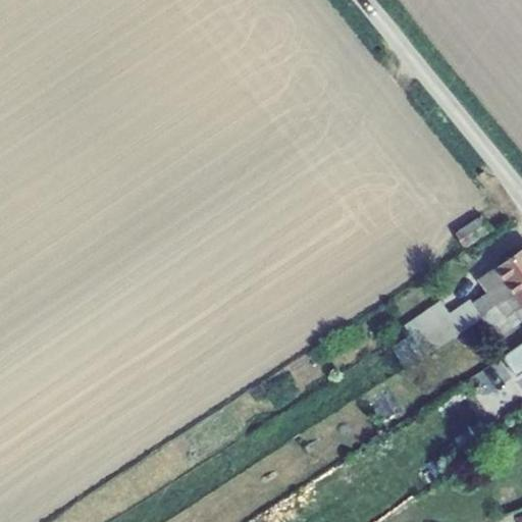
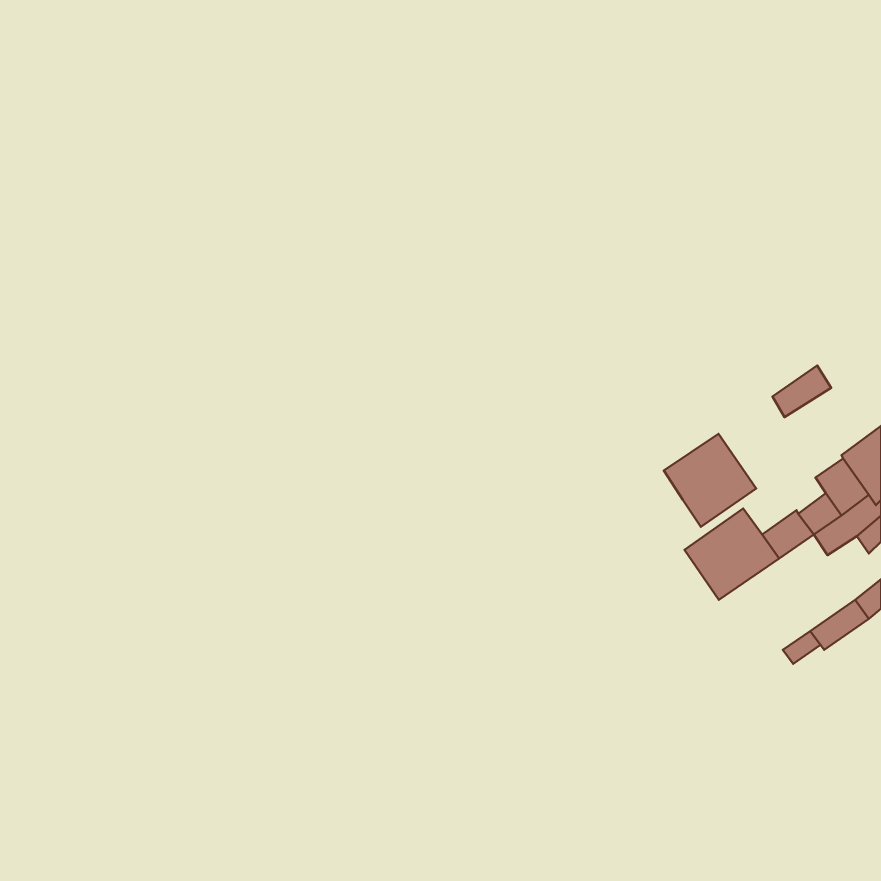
building: none -> [664,434,756,527]

